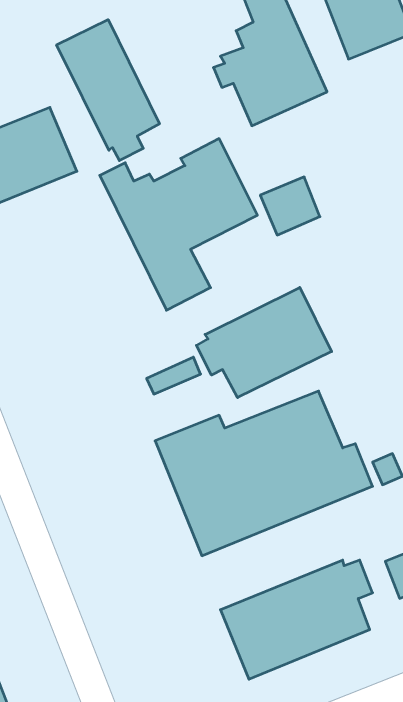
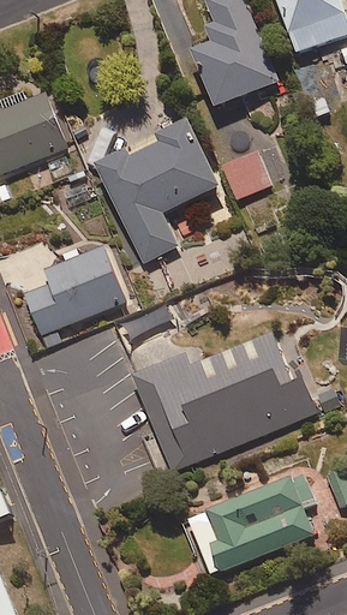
building: [57,20,159,161] -> none
building: [196,287,332,398] -> none
building: none -> [25,245,124,346]

